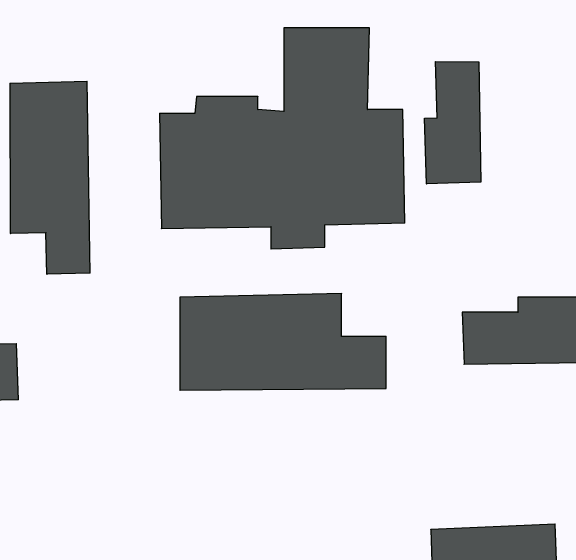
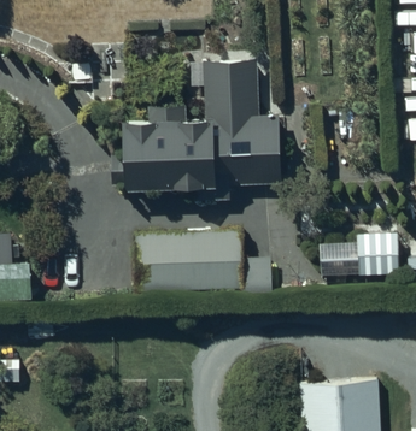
building: [425,62,481,184] -> none
building: [10,81,90,274] -> none

